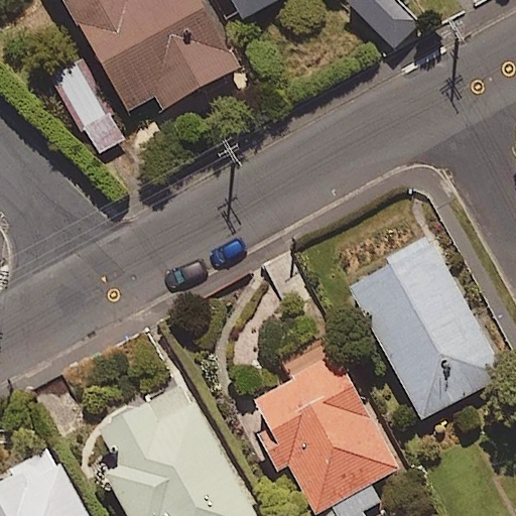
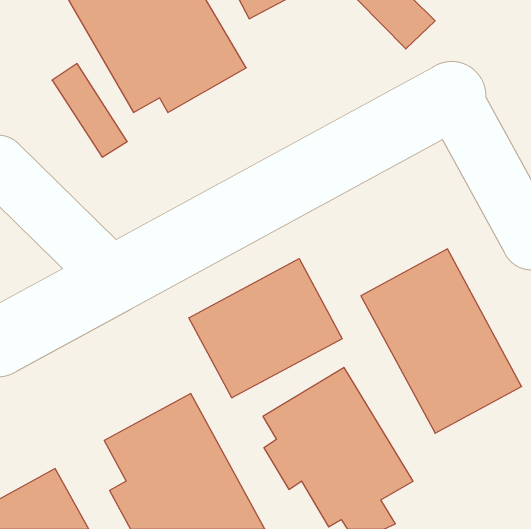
building: none -> [189,259,342,398]

